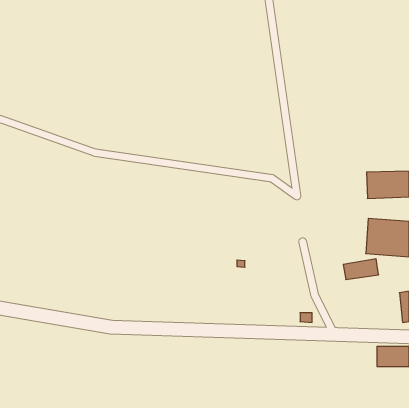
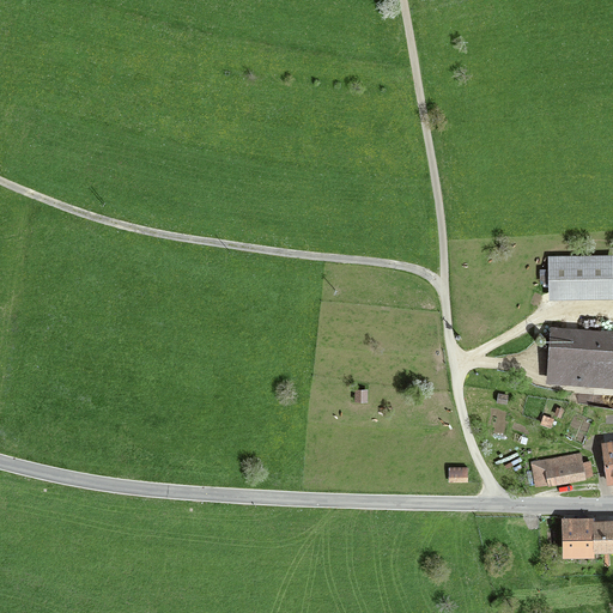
building: [343,259,379,280] -> [532,456,584,487]

